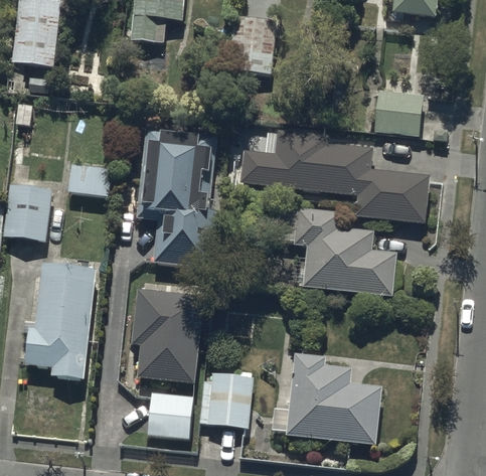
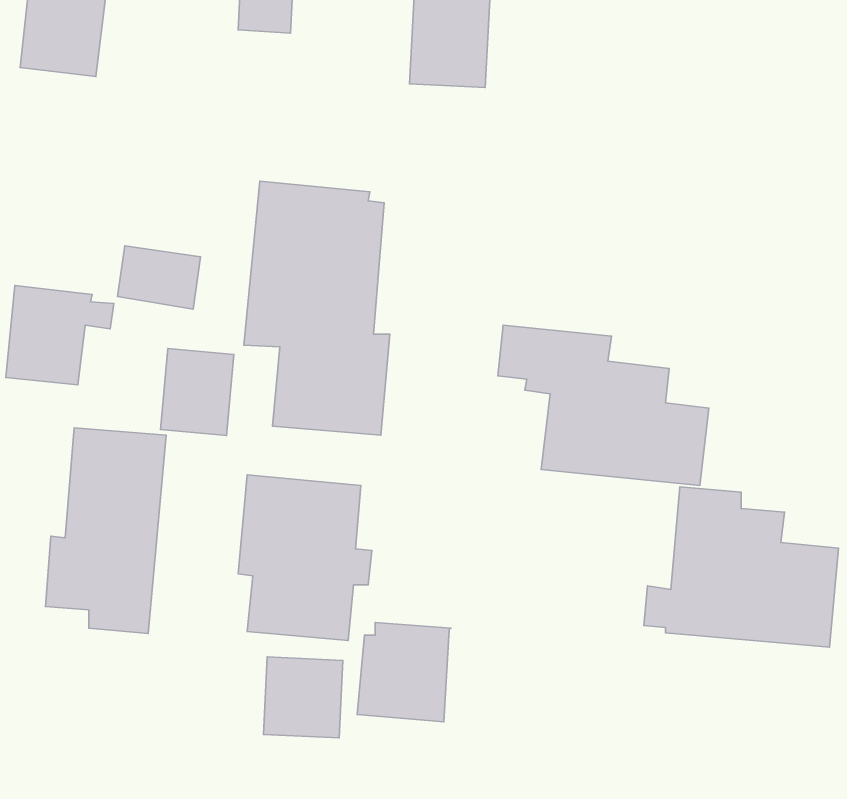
building: [374,91,423,135] -> none
building: [239,128,430,222] -> none
building: none -> [161,348,234,436]
building: [273,352,381,442] -> [644,487,839,647]

